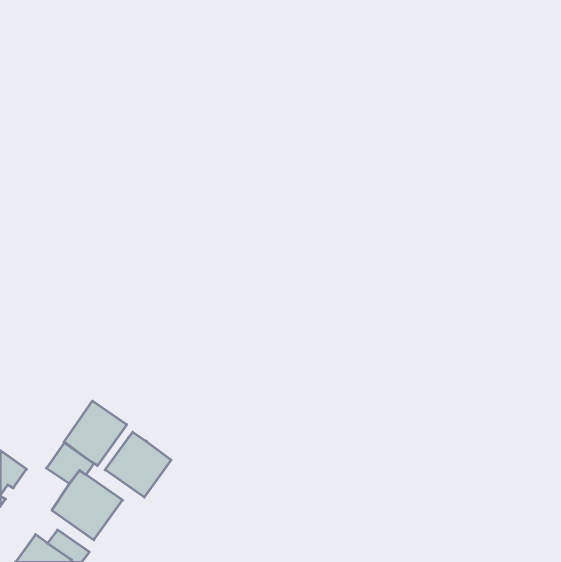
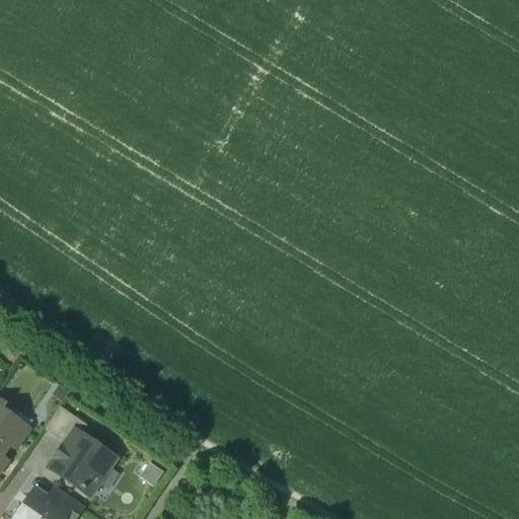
building: [64,401,127,466] -> none
building: [105,432,171,497] -> none

